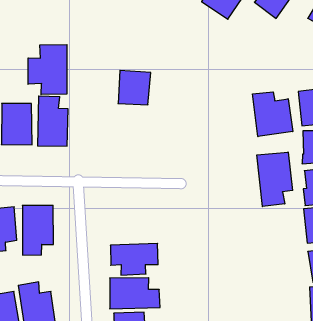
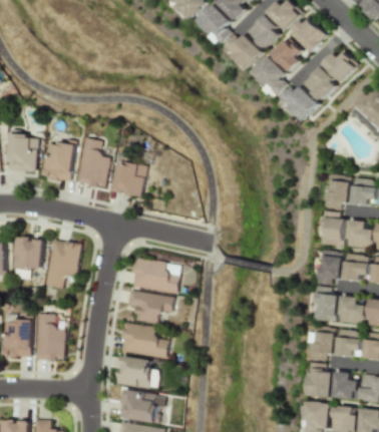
building: none -> [283,86,322,120]
building: [28,45,67,95] -> none
building: [118,70,151,105] -> [112,159,148,196]
building: [253,92,293,137] -> none
building: [257,152,293,207] -> none
building: none -> [129,257,180,293]

